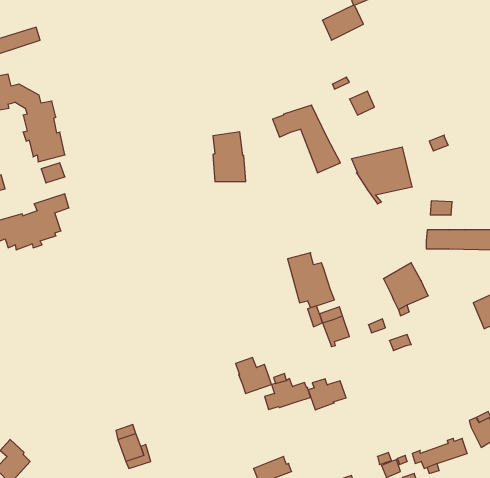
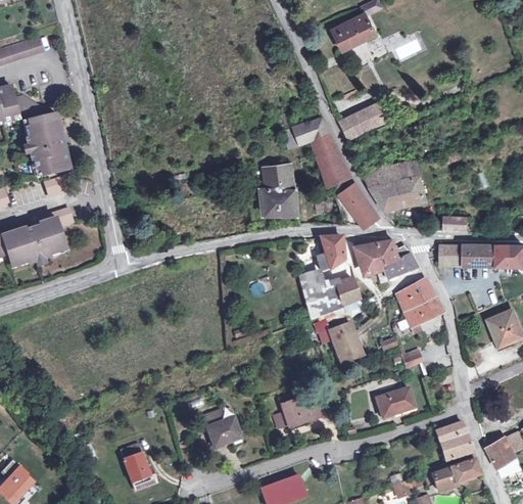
building: none -> [341,111,369,137]
building: [213,132,246,182] -> [263,166,296,217]
building: none -> [340,184,379,227]
building: none -> [317,237,343,270]
building: none -> [356,238,417,284]
building: none -> [334,278,359,307]
building: [236,358,272,394] -> [204,410,241,447]
building: [308,379,346,410] -> [376,387,415,419]
building: none -> [438,422,474,460]

